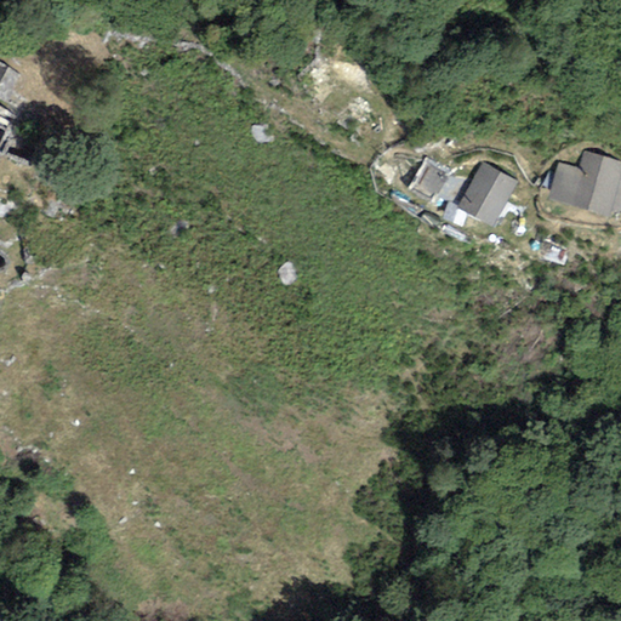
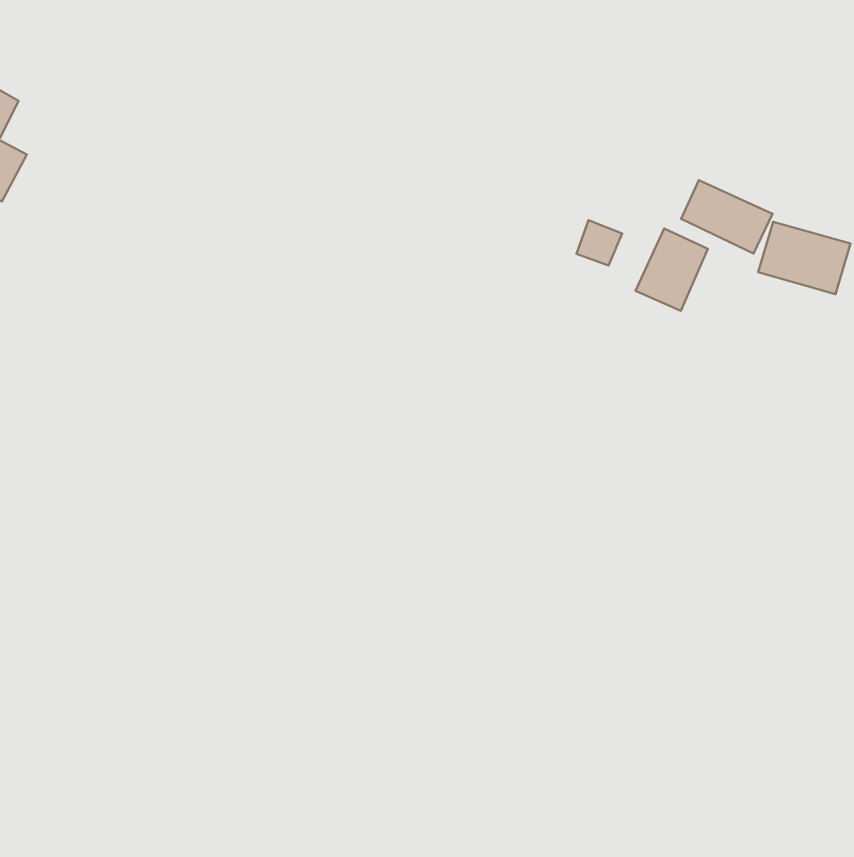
building: none -> [681,180,772,253]

